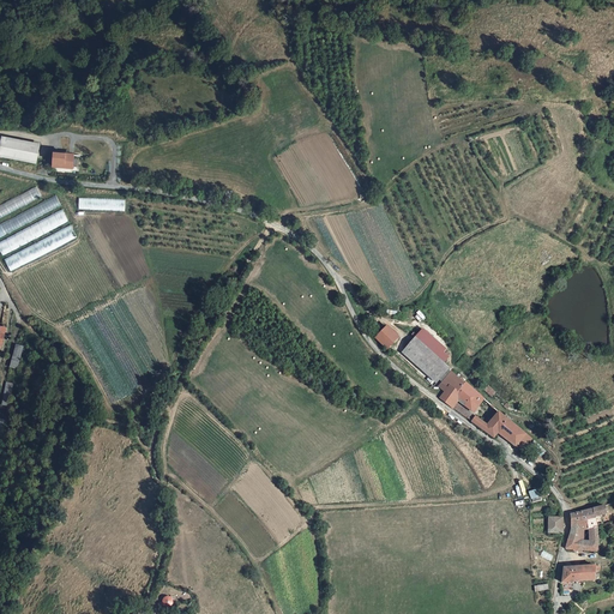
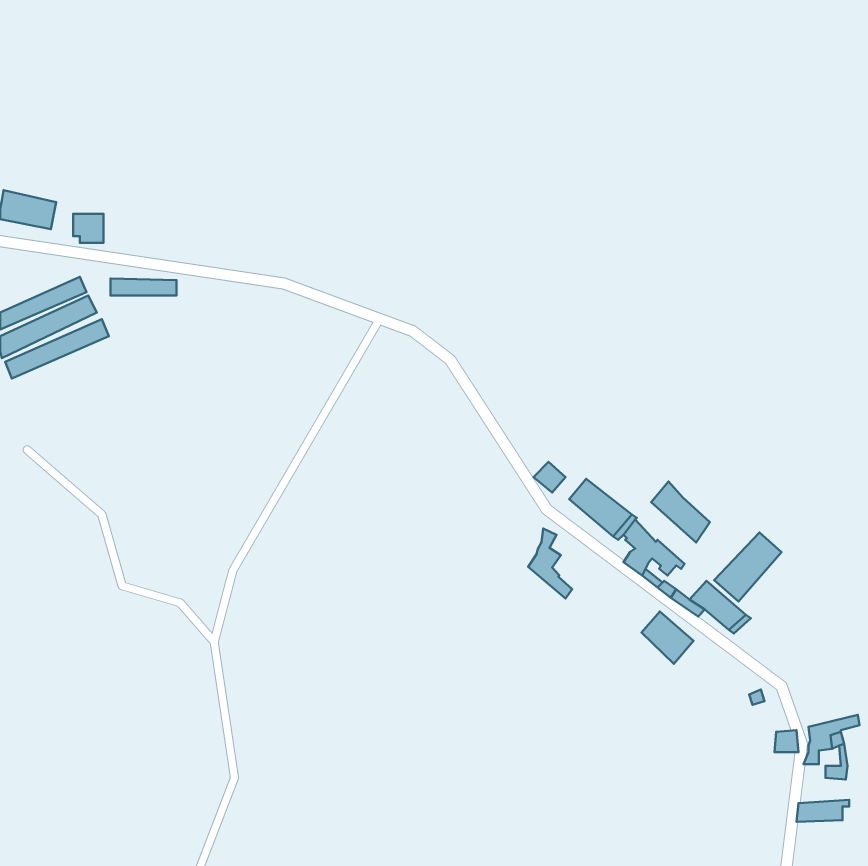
building: none -> [651,481,710,542]
building: none -> [528,528,572,598]
building: none -> [714,532,782,602]
building: none -> [641,612,694,664]

